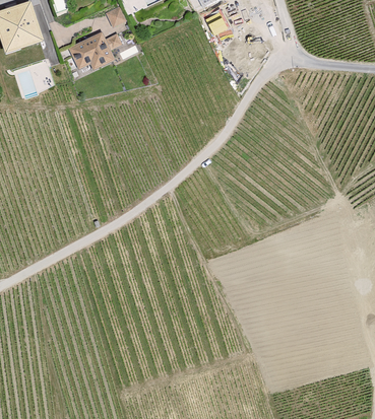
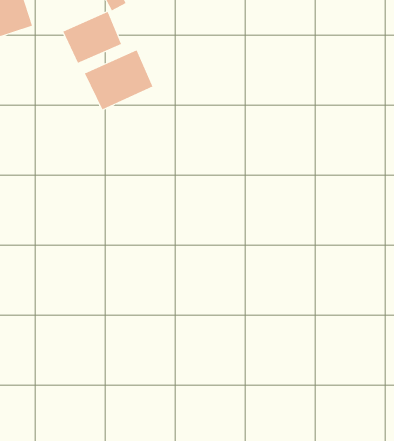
building: none -> [84,50,153,110]

